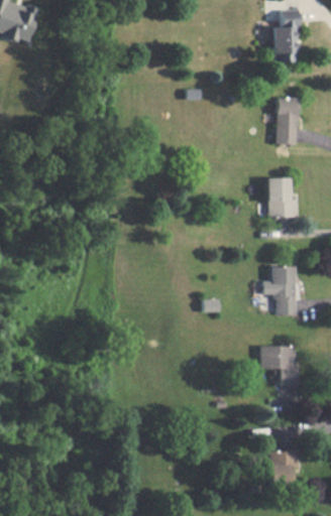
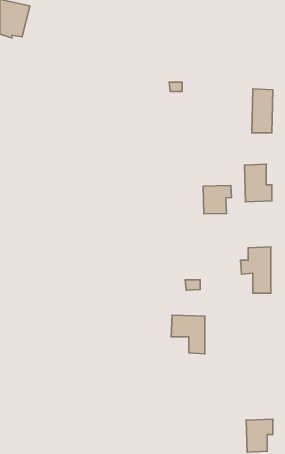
building: [272,9,299,62] -> none
building: none -> [203,186,232,214]
building: [261,346,298,387] -> [171,315,205,354]

